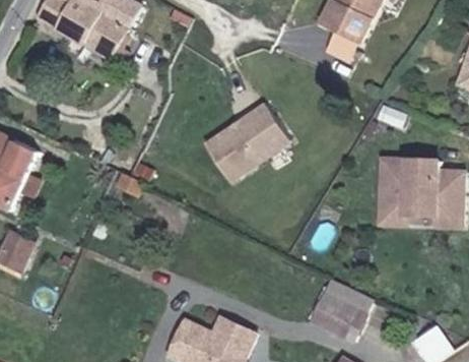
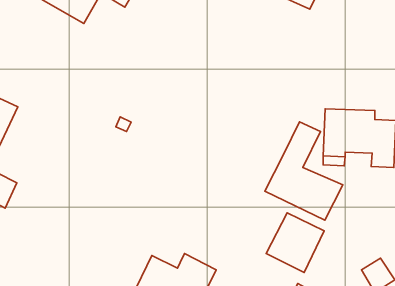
building: [205,106,288,181] -> none
building: none -> [265,122,343,220]

